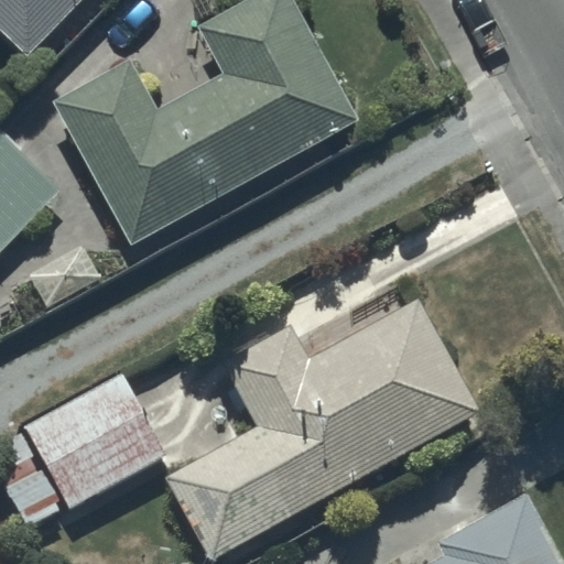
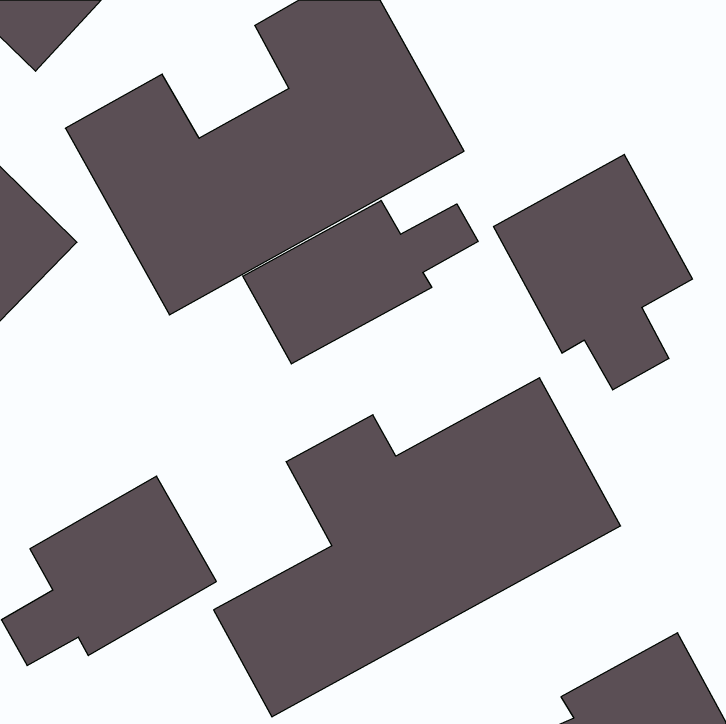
building: none -> [494,154,692,390]
building: none -> [243,200,478,364]

